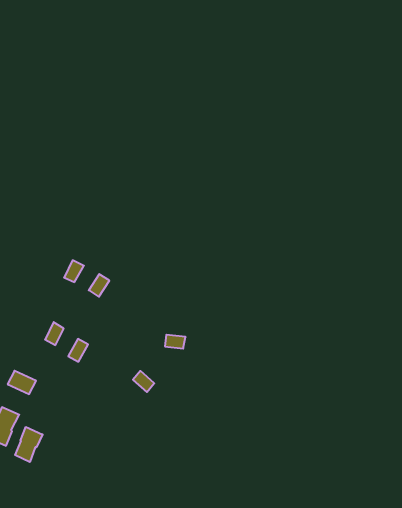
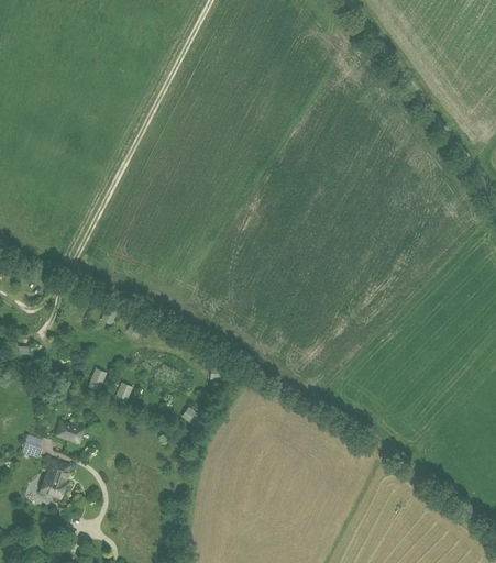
building: [15,427,43,462] -> none

